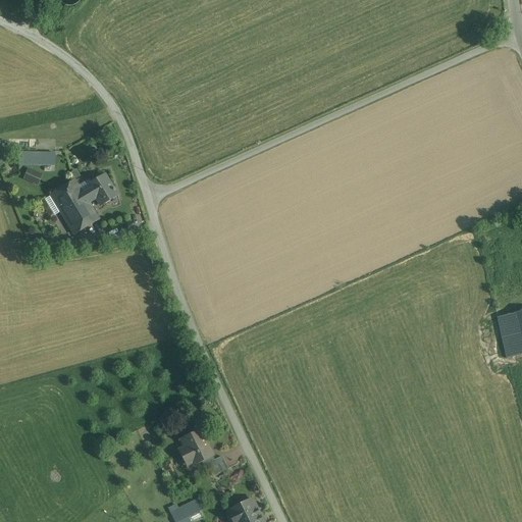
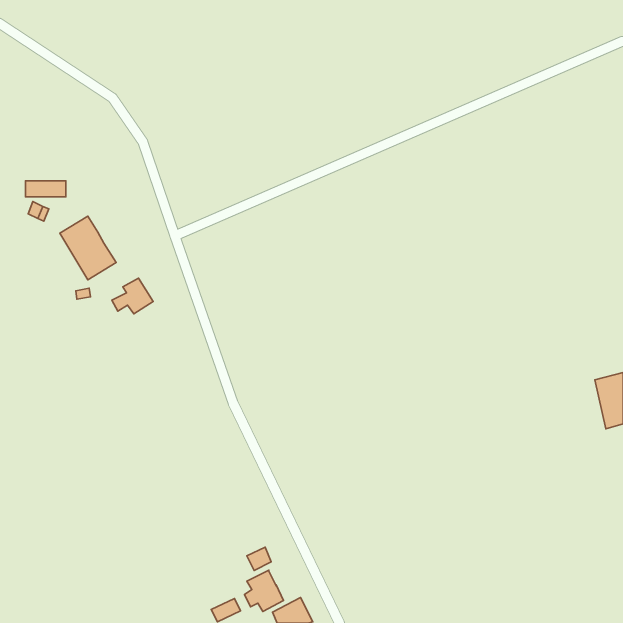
building: [82,175,116,205] -> [112,278,153,314]
building: [178,430,211,465] -> [244,570,283,612]

